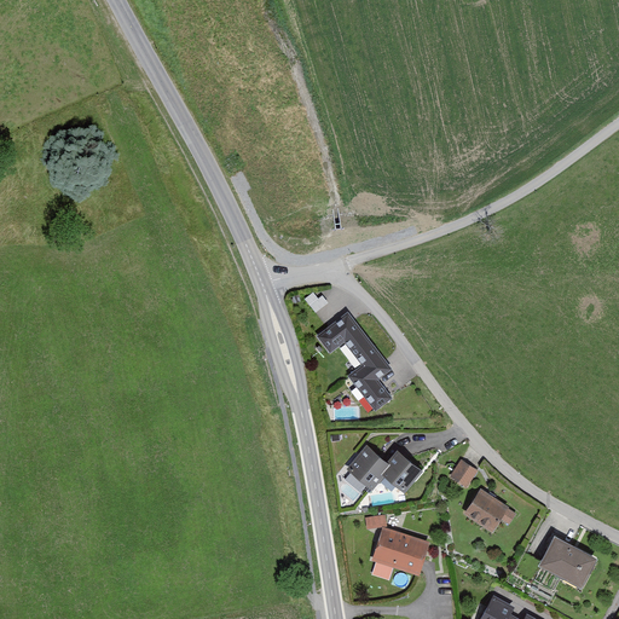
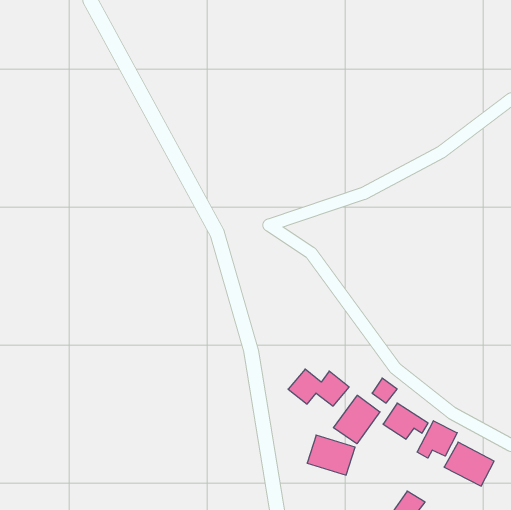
building: [318,312,392,410] -> none
building: none -> [333,395,380,444]
building: none -> [417,421,457,458]

